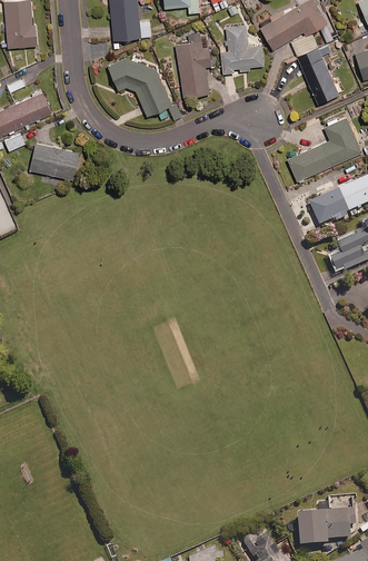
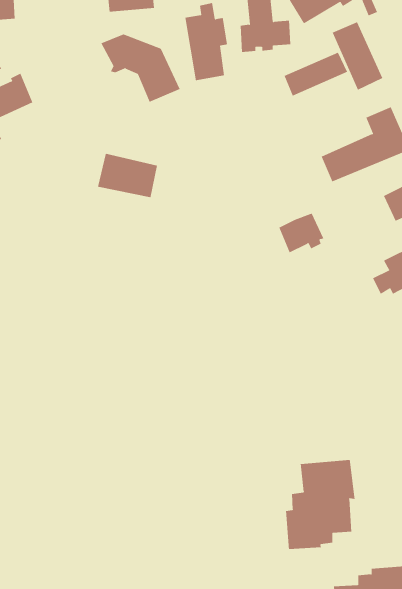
building: none -> [284,52,348,97]
building: [29,140,79,177] -> [97,153,158,198]
building: [311,189,349,223] -> [278,213,324,253]
building: none -> [286,459,355,550]

